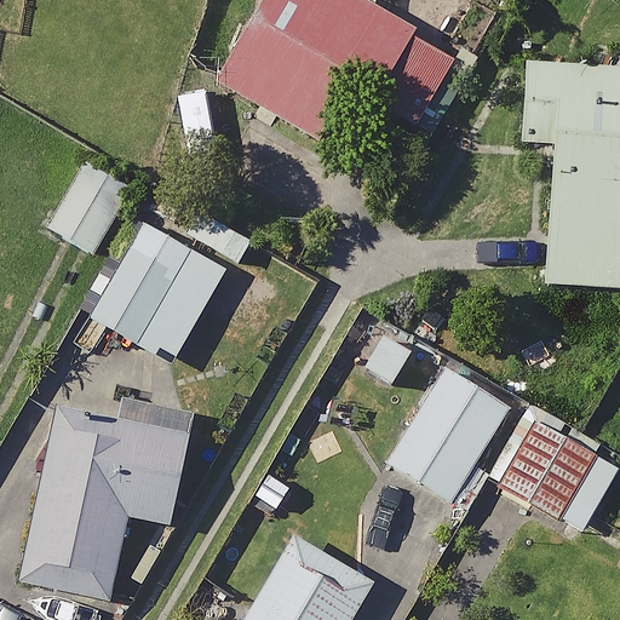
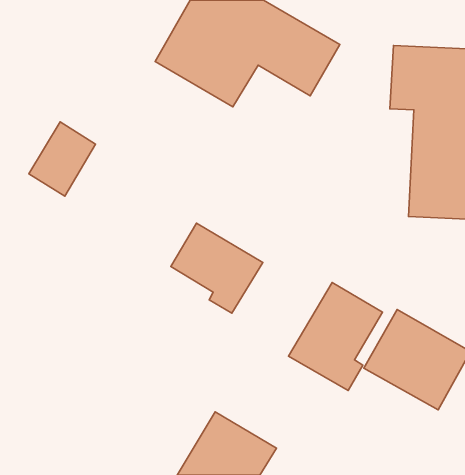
building: [84,214,229,362] -> none
building: none -> [171,223,263,313]
building: [19,407,188,601] -> none

